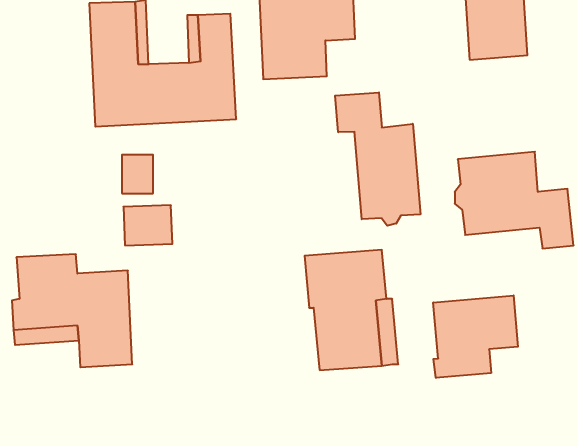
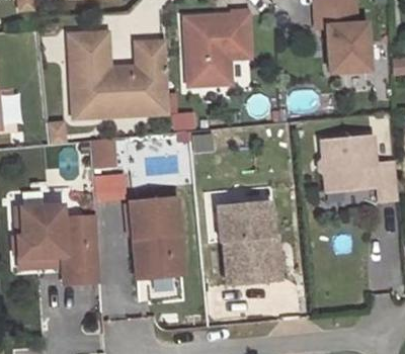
building: [335,92,420,226] -> none
building: none -> [129,197,181,277]
building: [433,295,518,378] -> none

